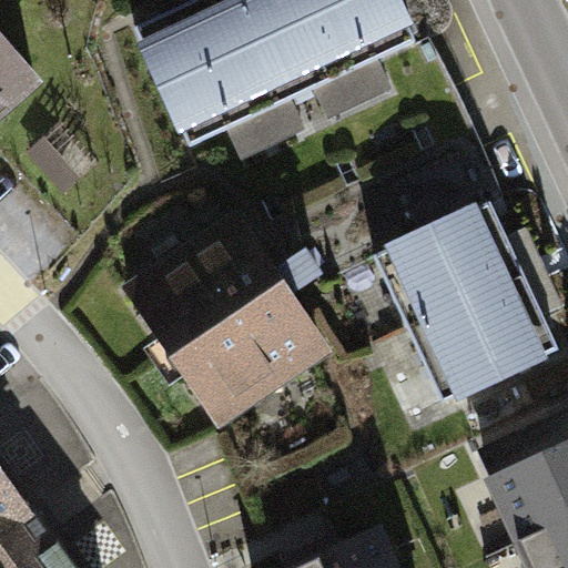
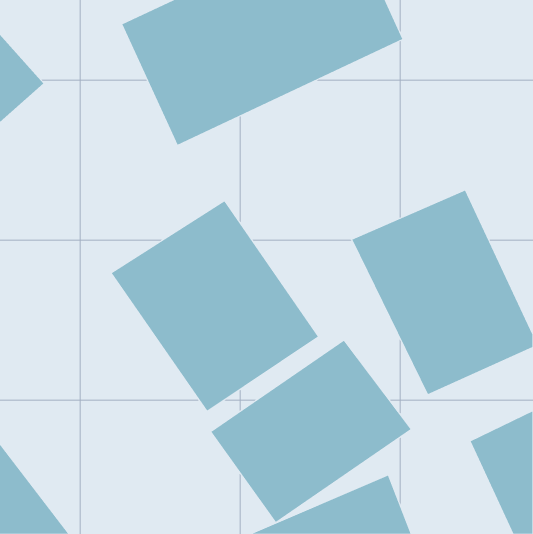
building: none -> [211,340,411,523]

